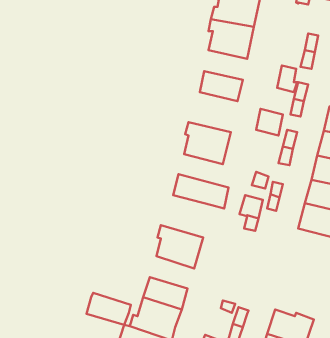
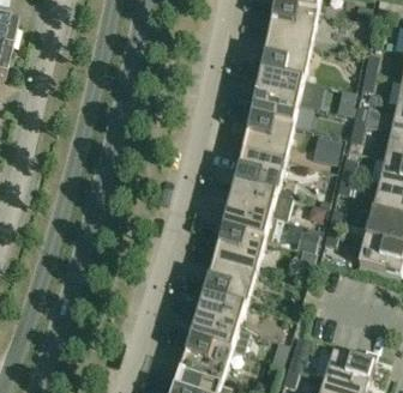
building: none -> [255,71,302,103]
building: none -> [239,116,291,159]
building: none -> [228,183,293,220]
building: none -> [209,228,264,273]
building: [87,293,131,325] -> [197,294,245,328]

